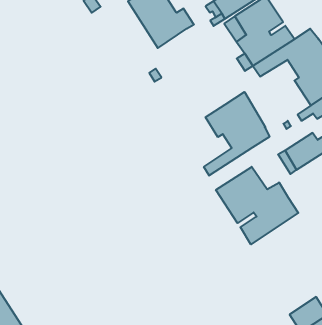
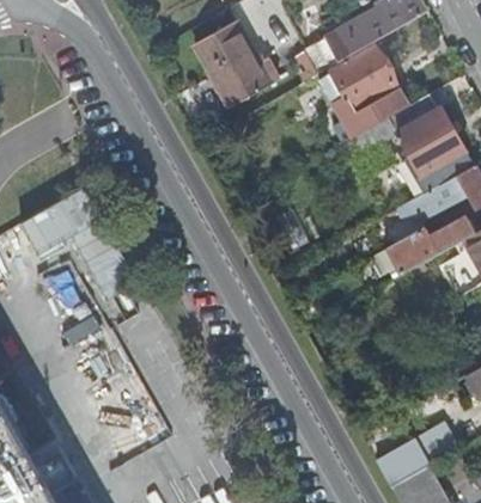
building: [204,92,269,176] -> none
building: [216,167,298,244] -> none

